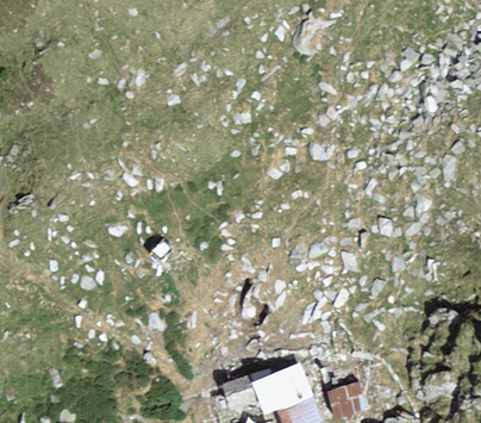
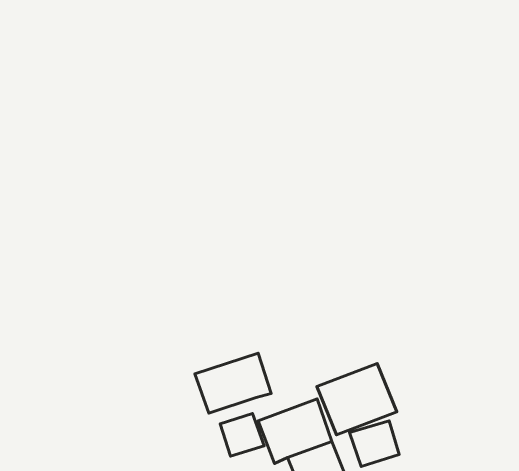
building: none -> [195,353,271,413]
building: none -> [317,364,397,435]

